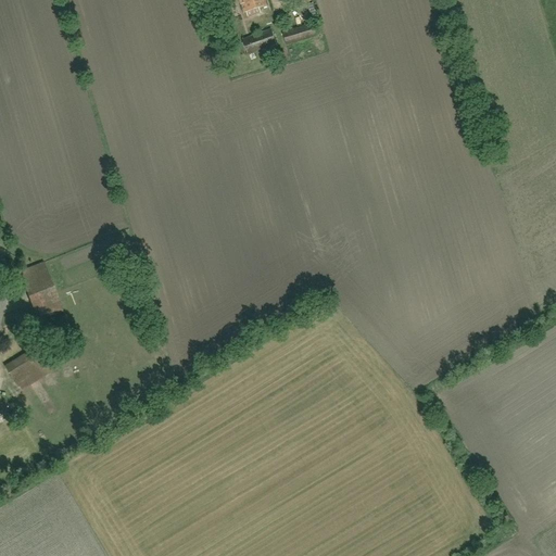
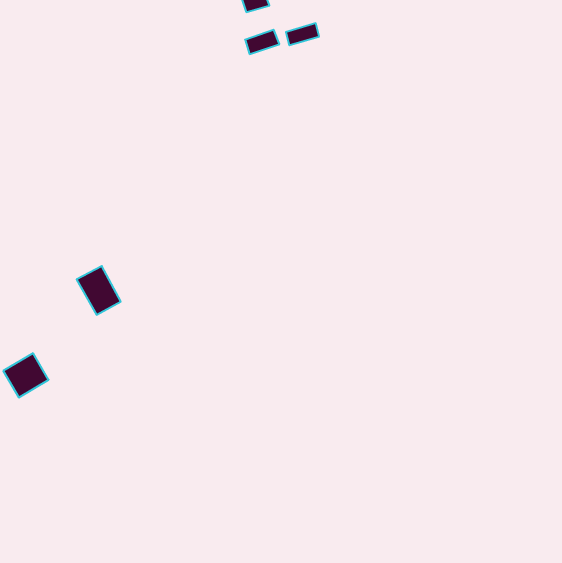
building: [20,263,63,311] -> [77,266,121,315]

